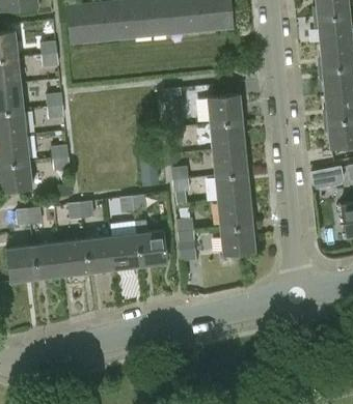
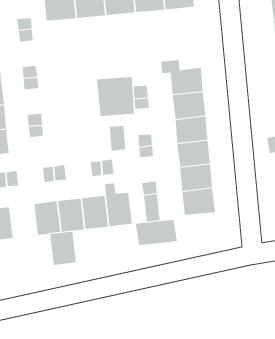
building: none -> [97,76,134,117]
building: [32,242,62,280] -> [49,231,77,266]
building: none -> [135,219,177,246]

